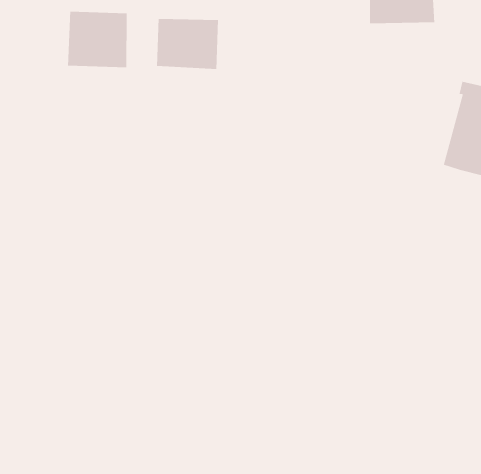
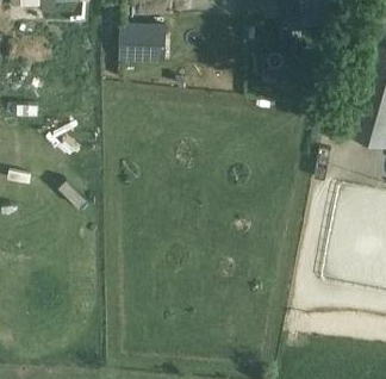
building: [67,11,128,68] -> none

